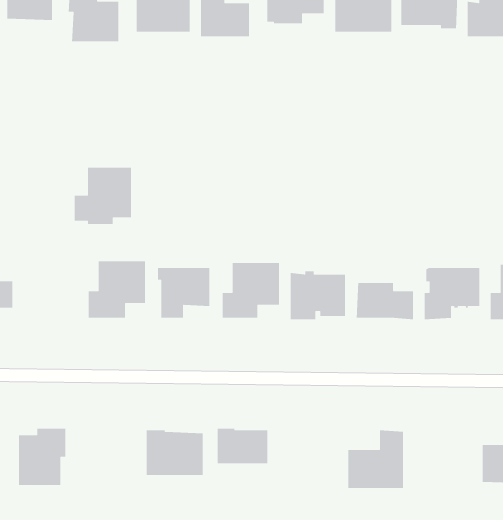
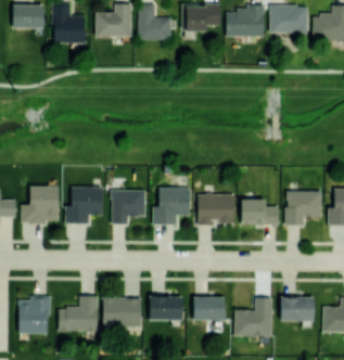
building: [74,167,132,225] -> [21,187,59,224]
building: none -> [59,296,98,332]
building: none -> [193,297,224,321]
building: none -> [280,297,313,321]

